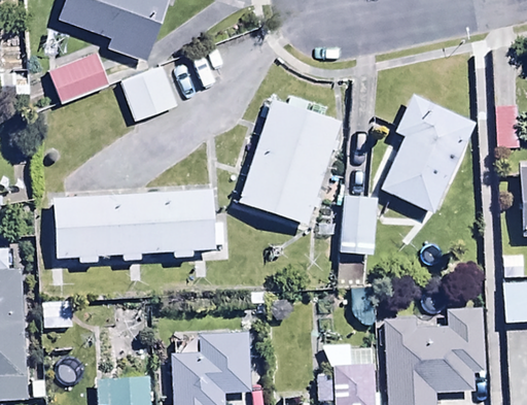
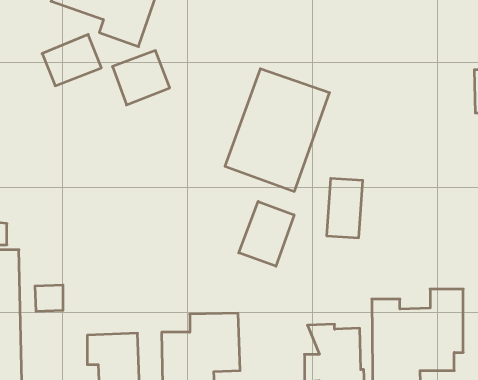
building: [377,79,469,196] -> none
building: [55,191,226,267] -> none
building: none -> [239,201,294,266]

